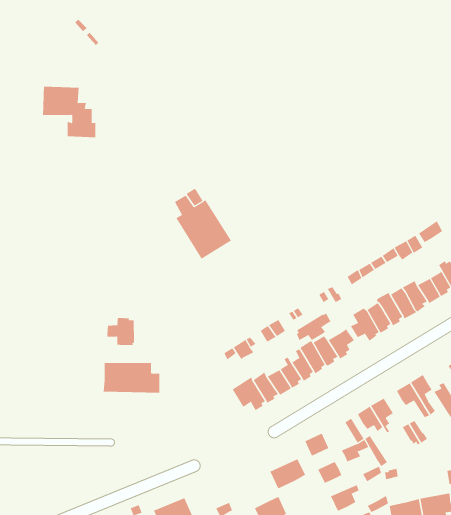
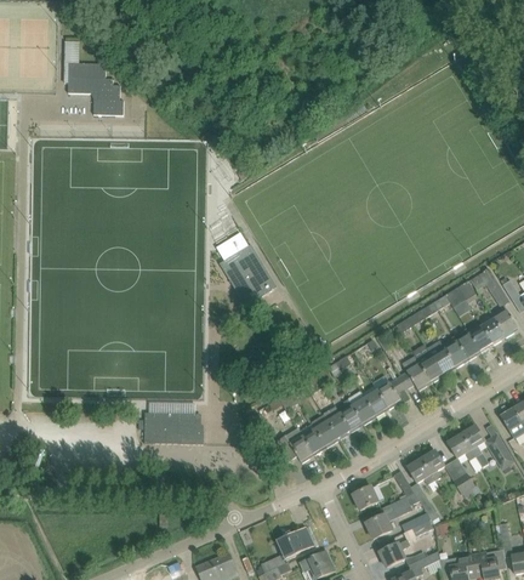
building: [42,86,96,138] -> [67,62,123,115]
building: [296,312,332,341] -> none
building: [107,317,134,346] -> none
building: [270,459,306,489] -> [277,527,314,558]

